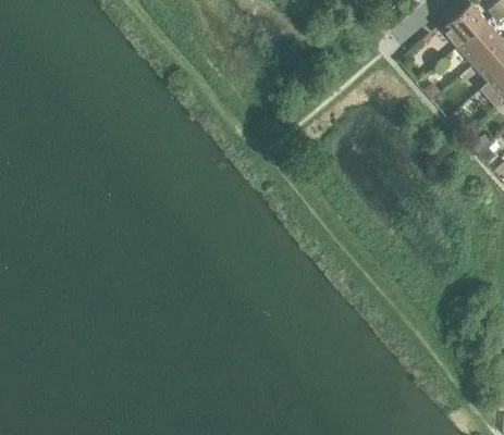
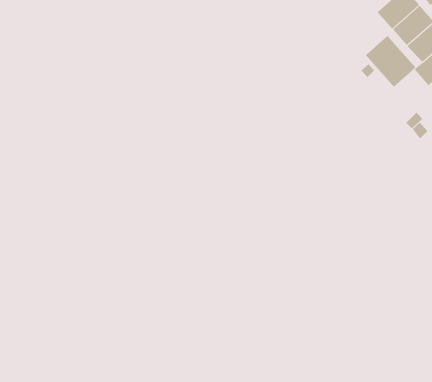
building: none -> [365,35,416,87]

